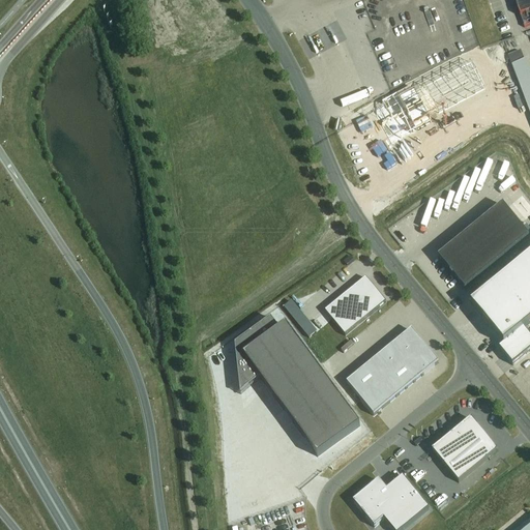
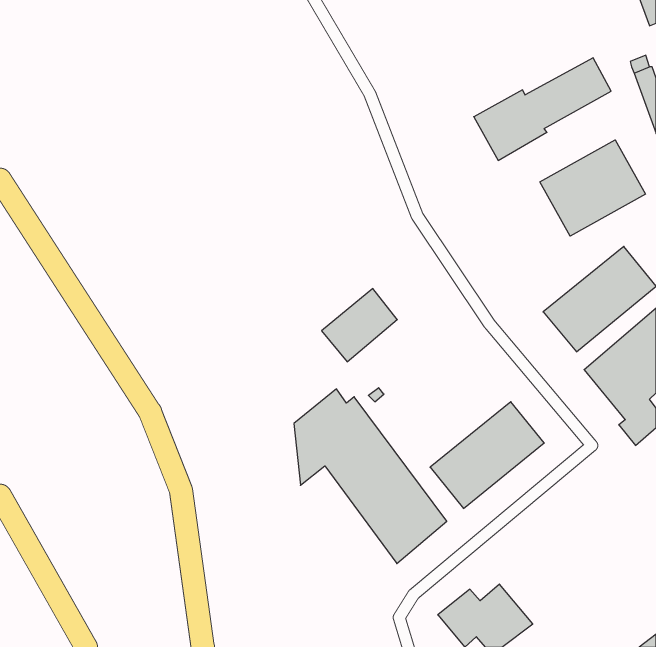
building: none -> [540,140,645,236]
building: [325,271,386,330] -> [322,289,397,362]
building: [433,413,498,477] -> none

